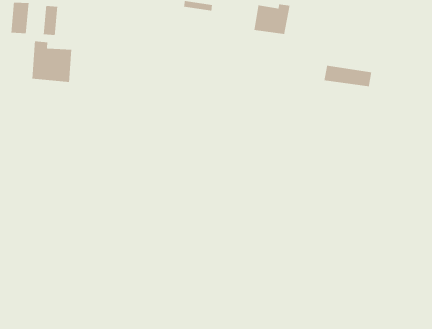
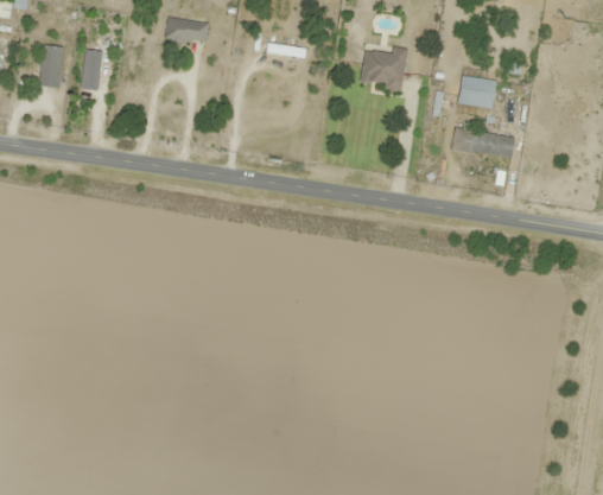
building: none -> [458,76,496,108]
building: [32,41,72,83] -> none

